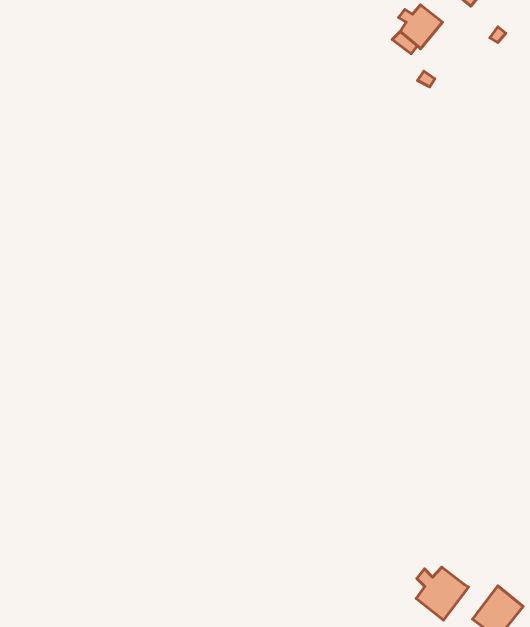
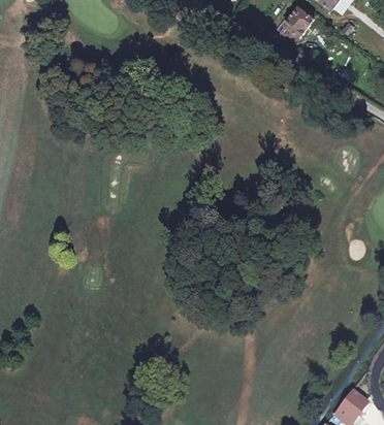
building: [416,567,469,620] -> none

